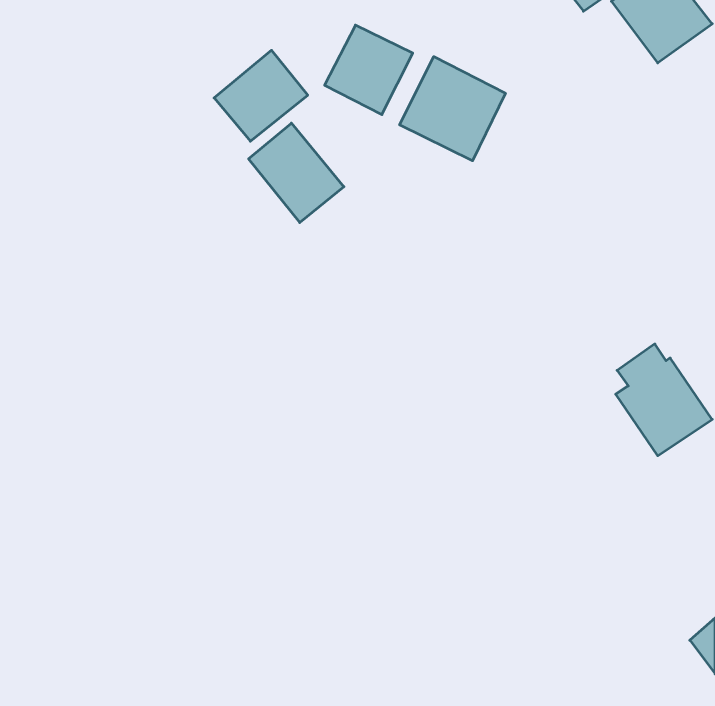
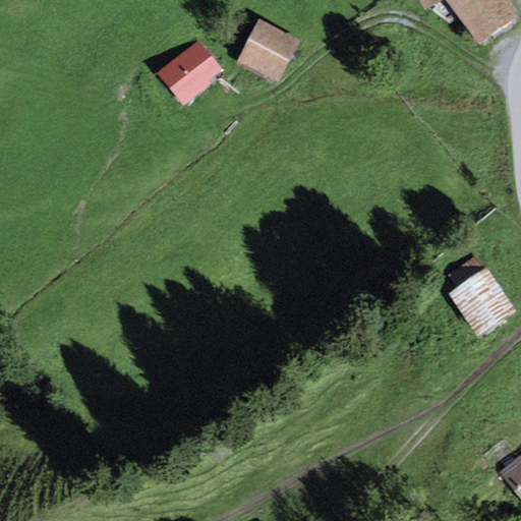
building: [400,57,505,161] -> none
building: [249,123,344,223] -> none

